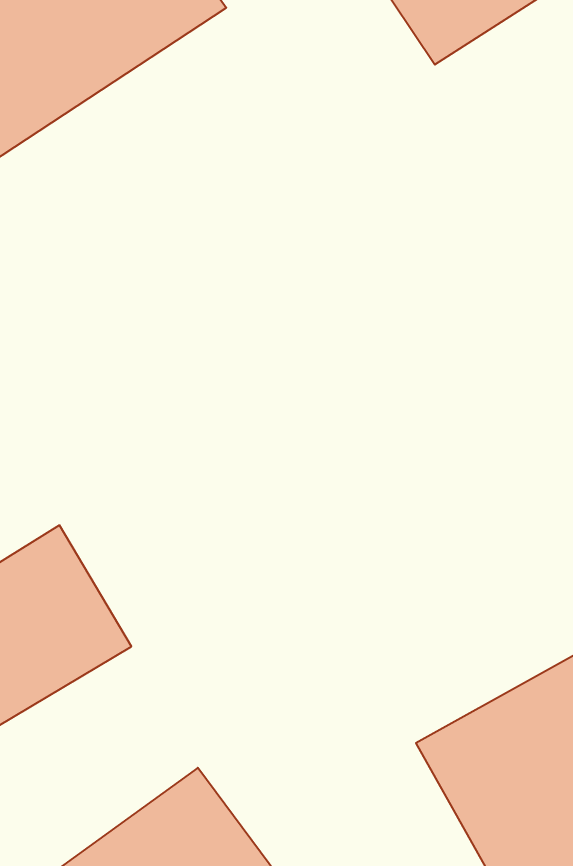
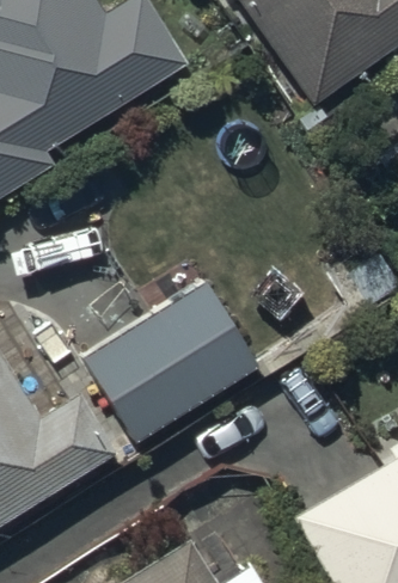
building: none -> [87,287,265,448]

